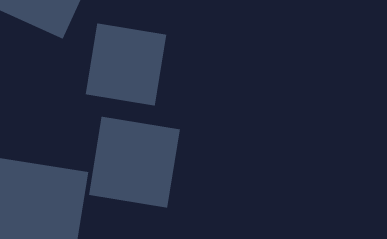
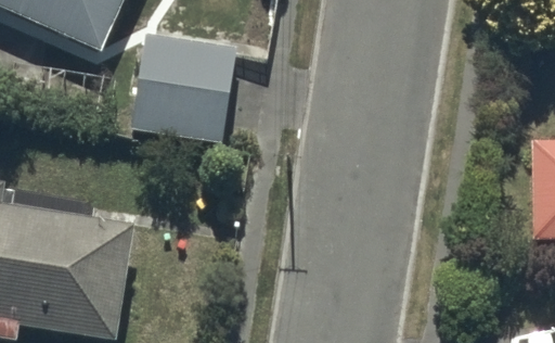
building: [89,116,180,208] -> none

